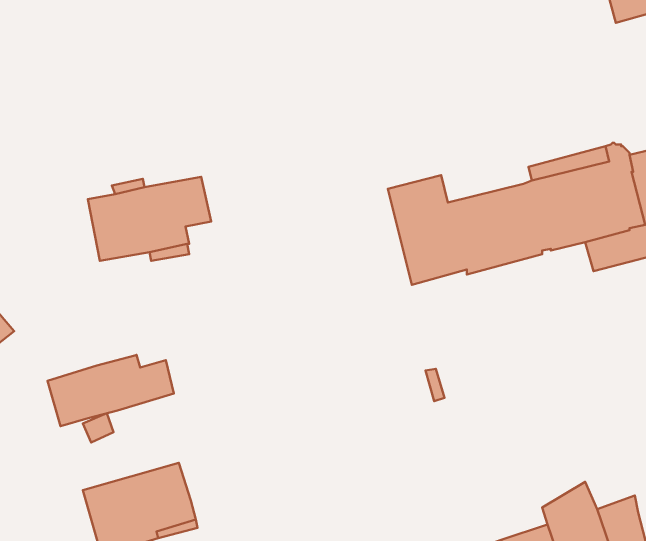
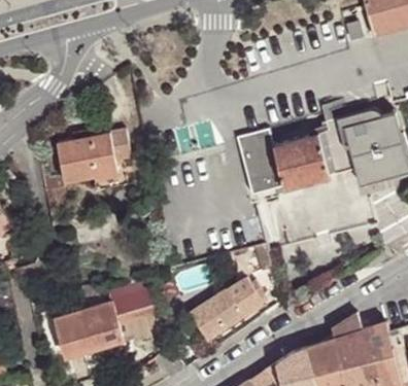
building: [47,355,174,426] -> none
building: none -> [191,267,279,339]
building: none -> [112,290,158,324]

